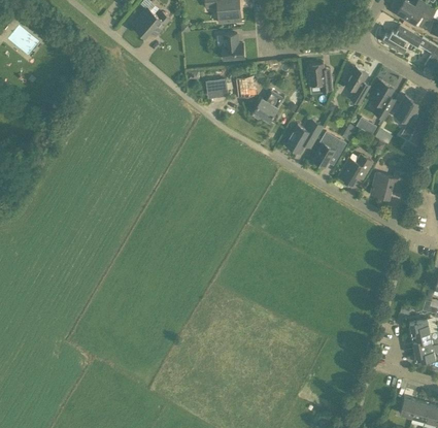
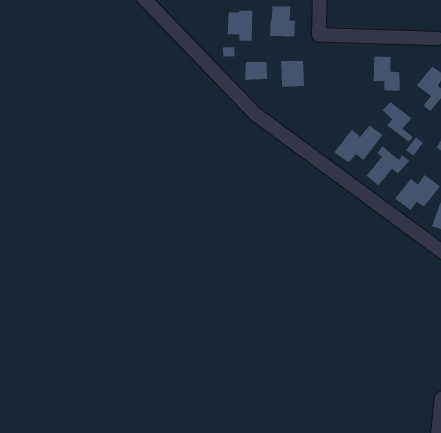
building: none -> [227,10,253,41]
building: [252,90,283,121] -> none
building: none -> [382,101,414,143]

